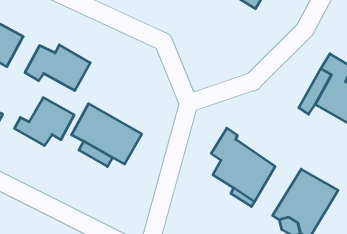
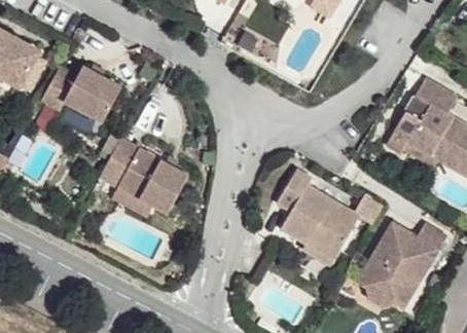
building: [15,98,74,146] -> none

